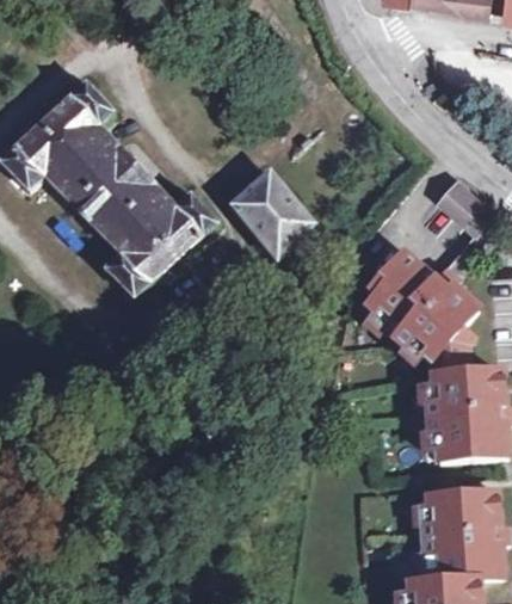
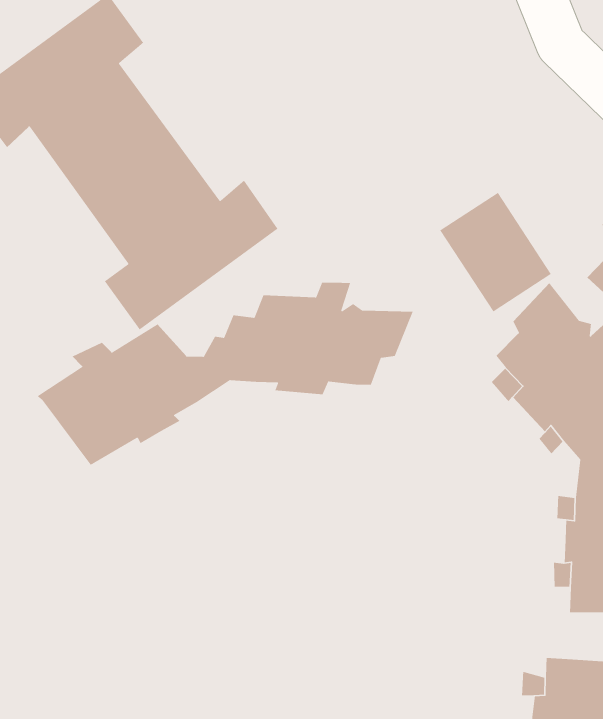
building: [232,178,309,258] -> [439,192,552,313]
building: none -> [37,282,414,466]

